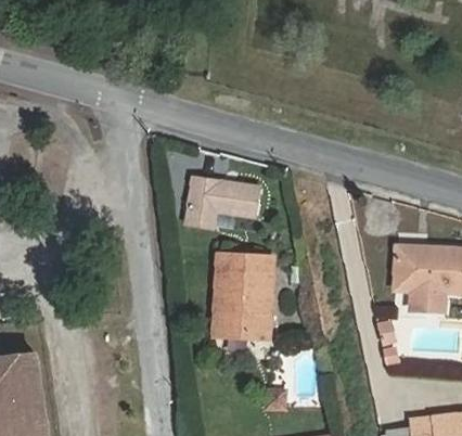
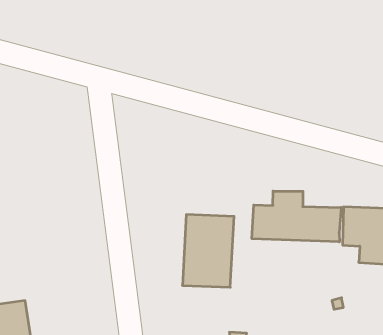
building: [185,178,260,227] -> none
building: none -> [252,191,341,242]

